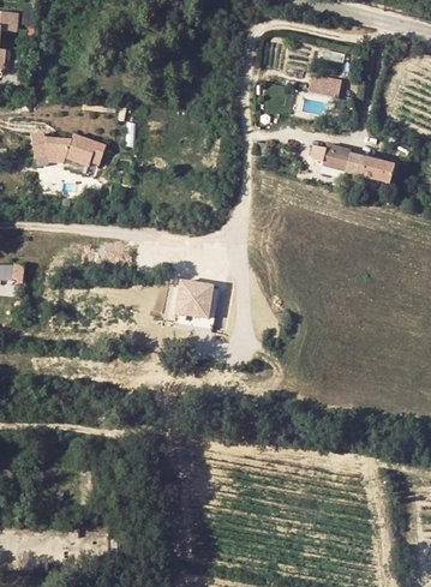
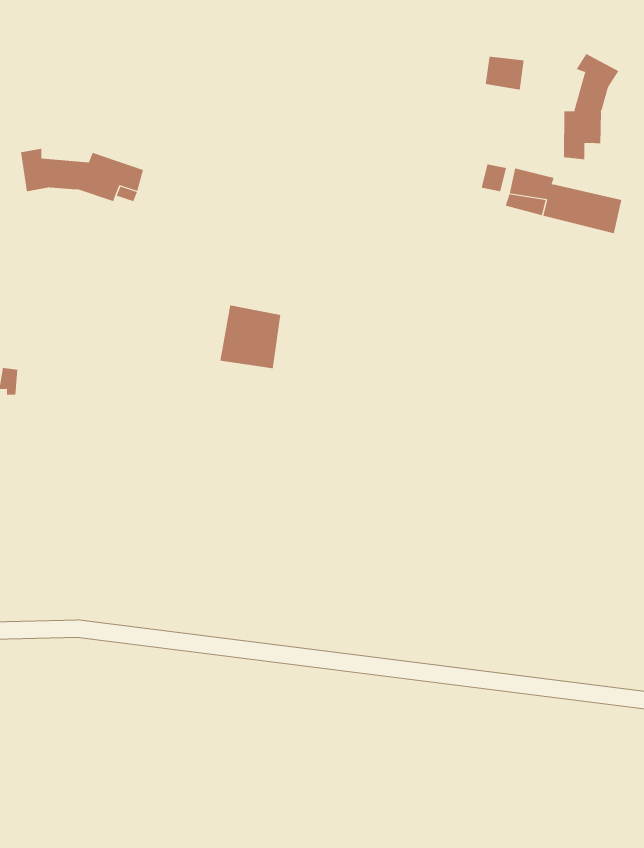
building: none -> [564,53,619,160]
building: [173,277,210,316] -> [220,305,281,369]

